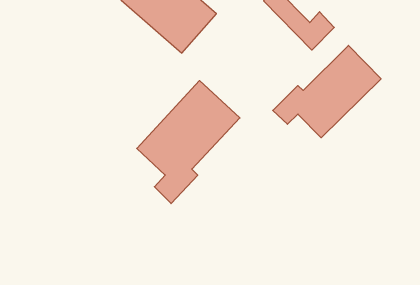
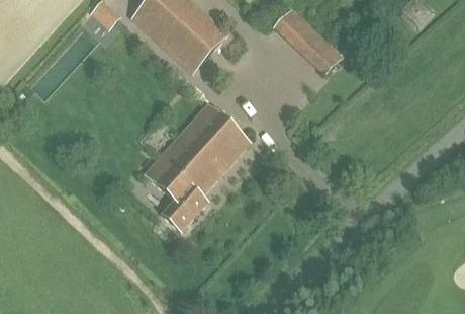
building: [273,45,381,138] -> none

